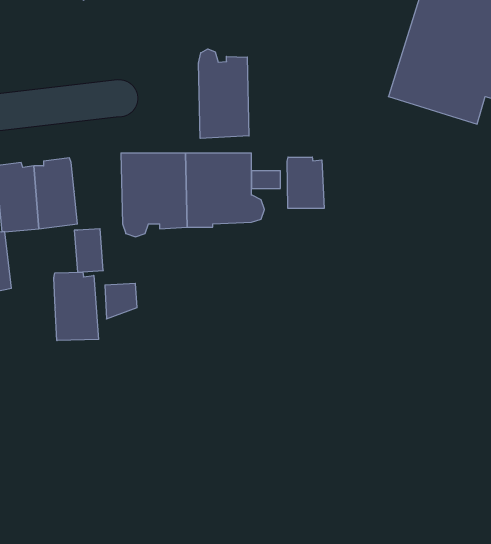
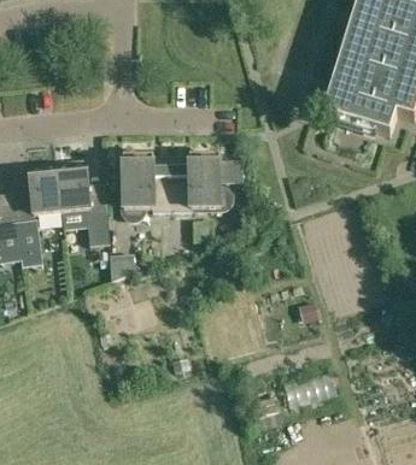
building: [199,49,249,138] -> none
building: [287,157,324,208] -> none
building: [54,272,99,341] -> none

